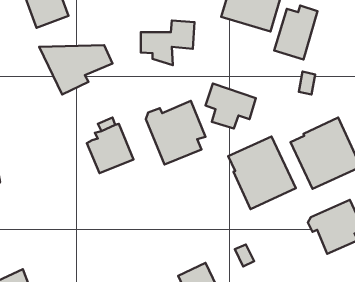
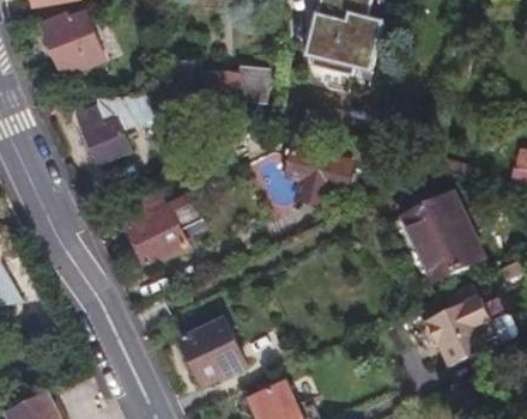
building: [274,6,318,59] -> none
building: [146,101,206,164] -> none
building: [228,137,296,209] -> none
building: none -> [181,318,244,383]

